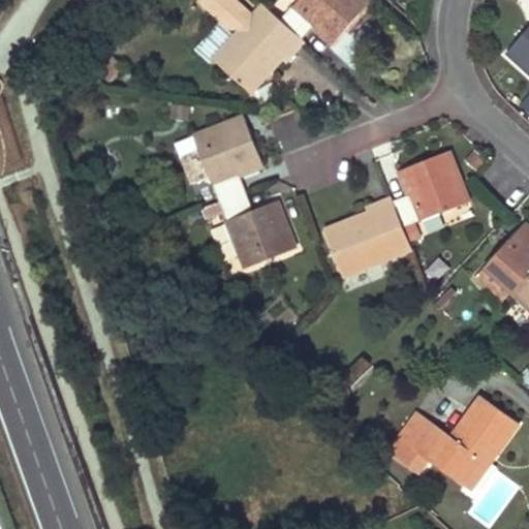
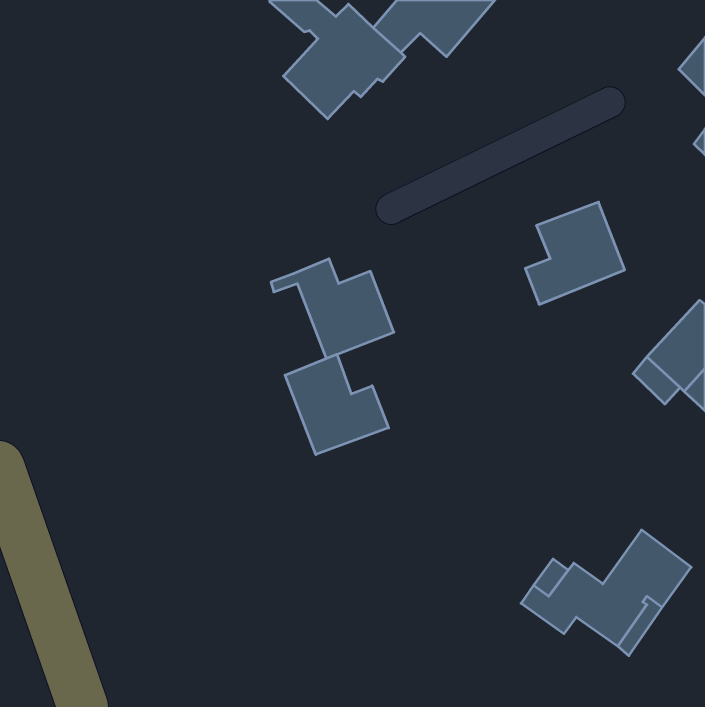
building: [192,116,261,205] -> none
building: [325,196,410,275] -> none
building: none -> [285,354,389,455]

